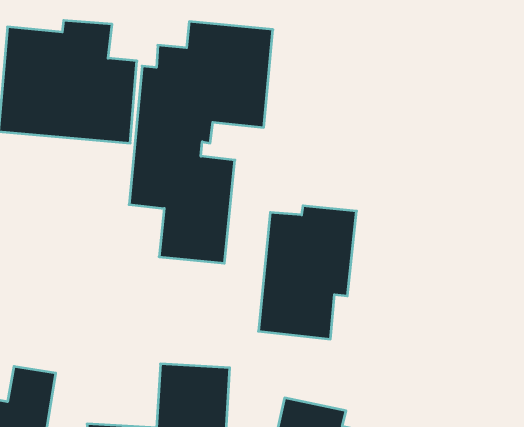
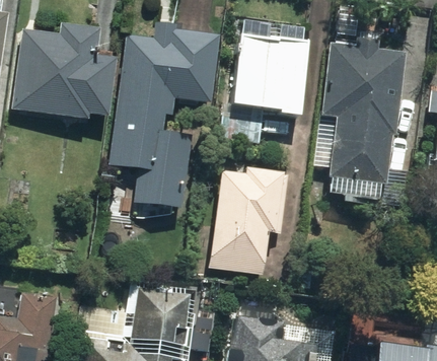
building: none -> [238,31,311,112]
building: none -> [322,46,406,185]

